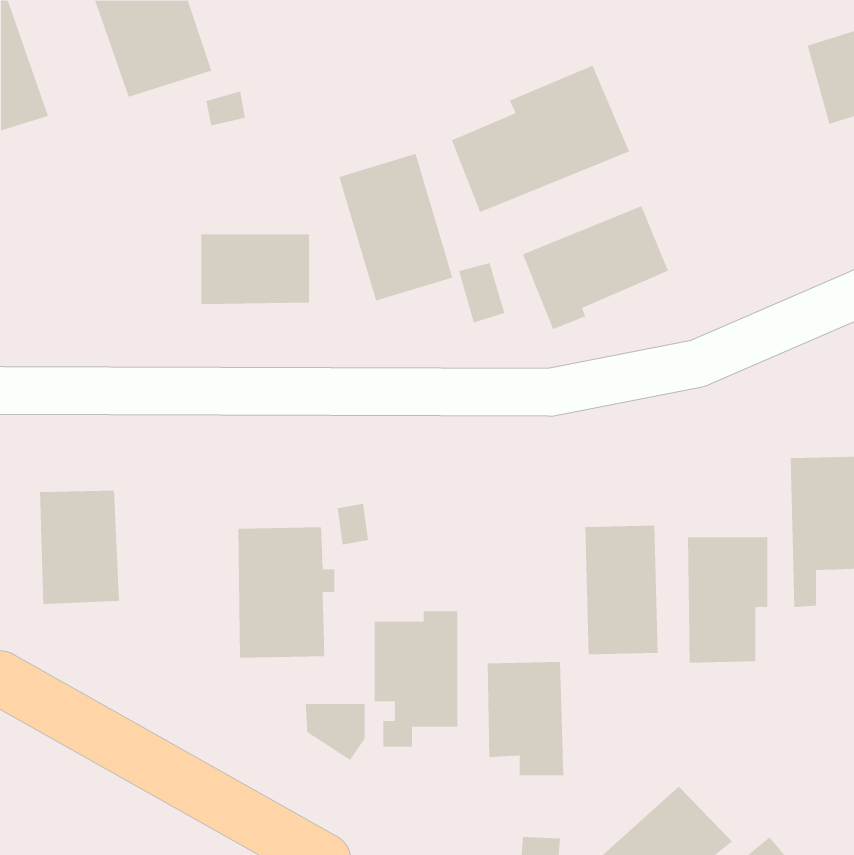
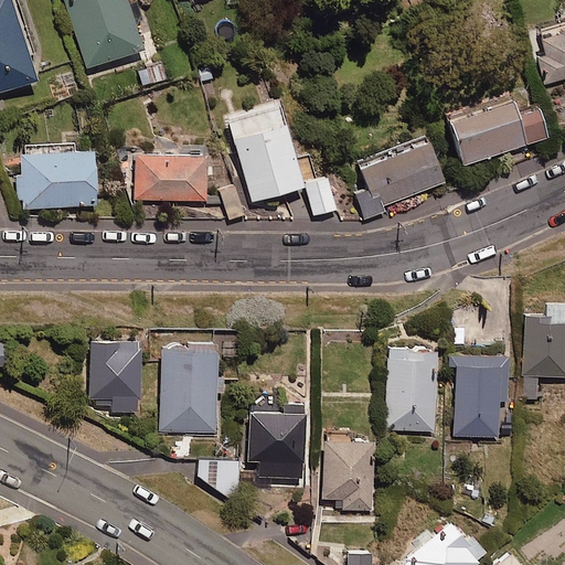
building: [451,65,630,213] -> none
building: none -> [444,94,546,166]
building: none -> [17,143,95,210]
building: [39,490,120,605] -> [88,340,141,415]

